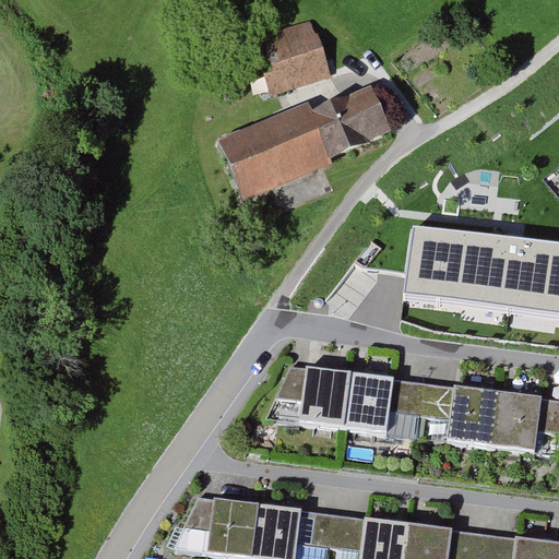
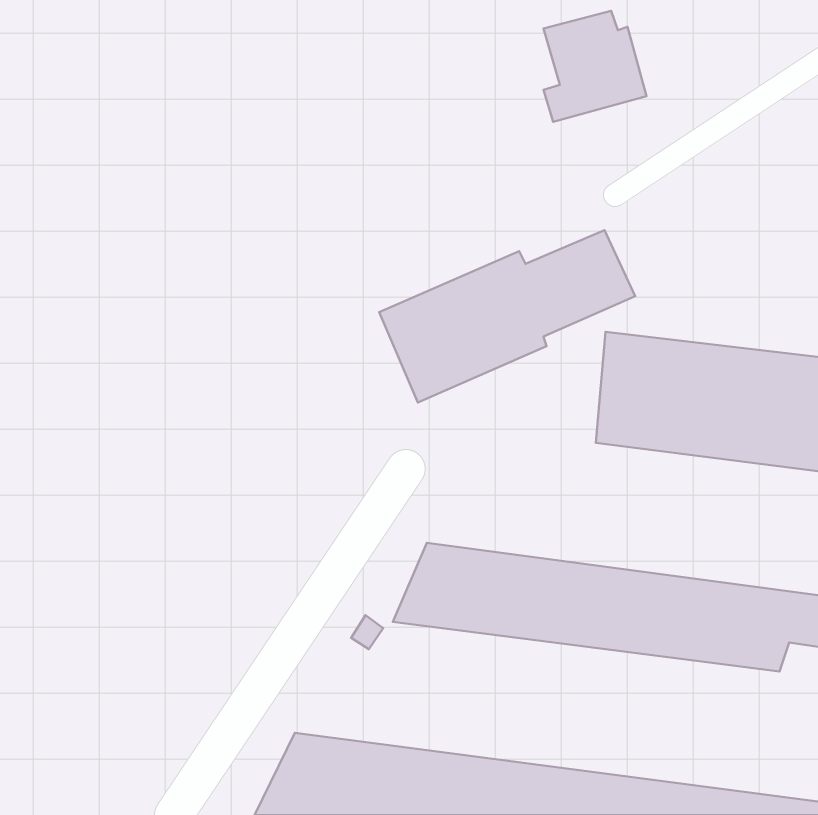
building: [266,15,336,91] -> [544,11,647,122]
building: [223,82,396,199] -> [379,230,635,403]

